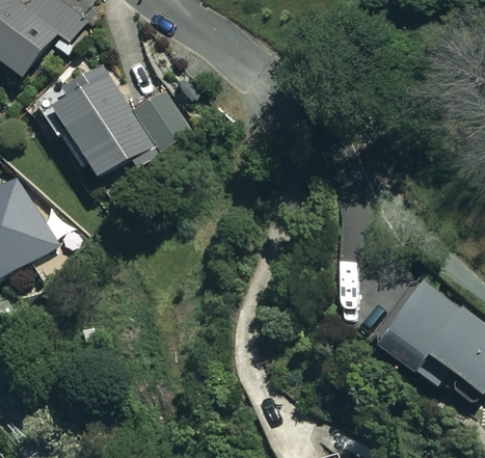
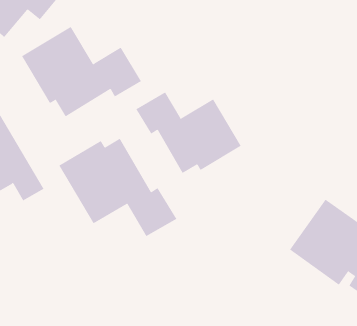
building: none -> [135,92,241,174]
building: none -> [59,138,177,237]

